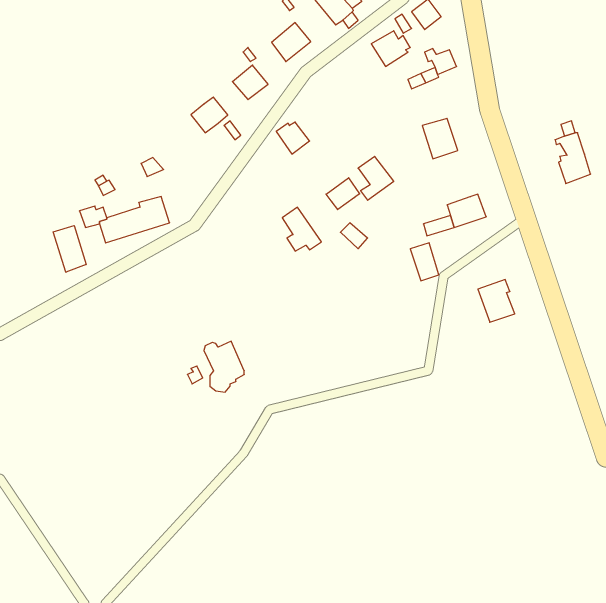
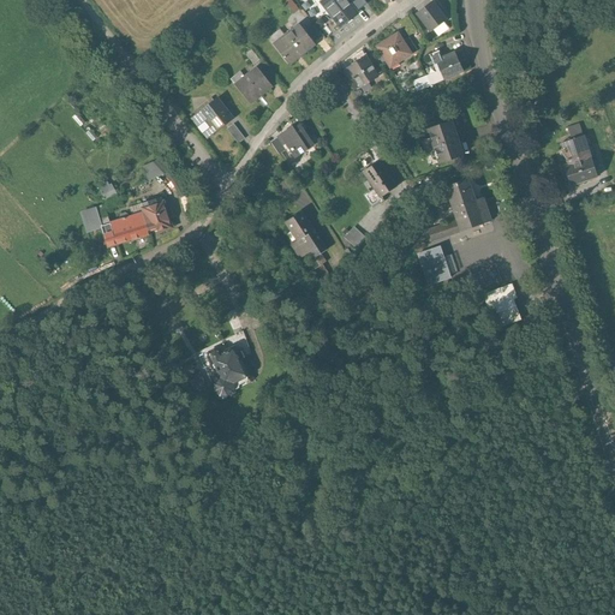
building: none -> [347,54,380,88]
building: none -> [446,179,477,208]
building: [326,178,360,210] -> none
building: [53,226,86,272] -> none

